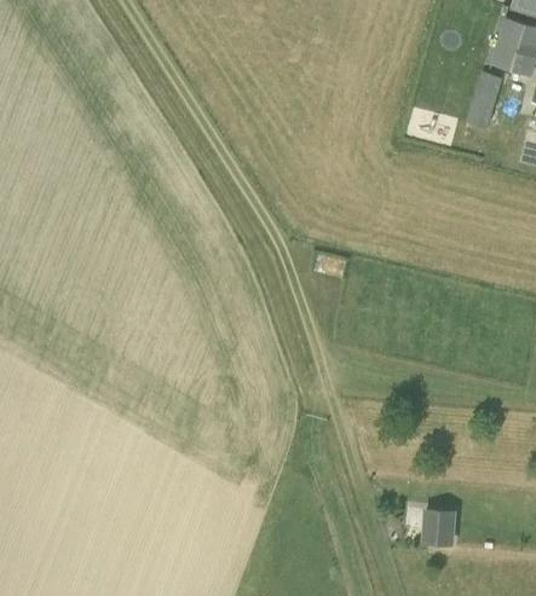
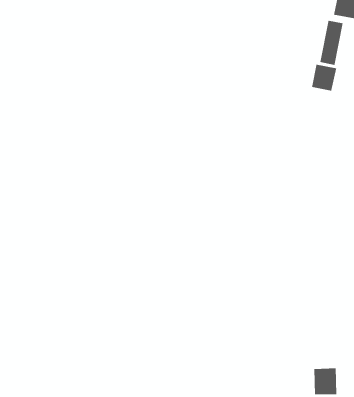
building: none -> [312,64,337,92]

